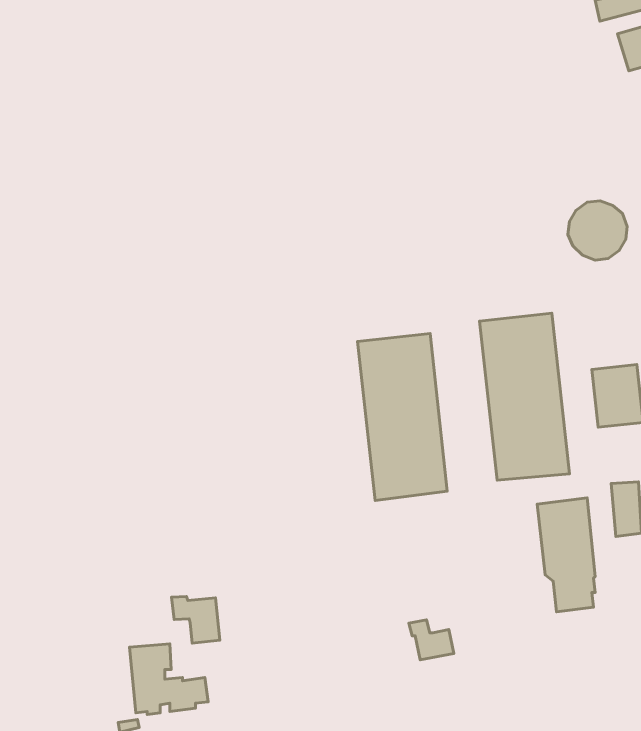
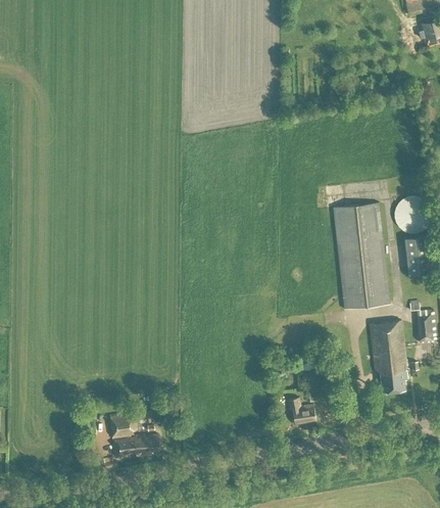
building: [568,201,627,260] -> [392,195,430,233]
building: [358,333,447,500] -> none
building: [172,597,220,643] -> none

